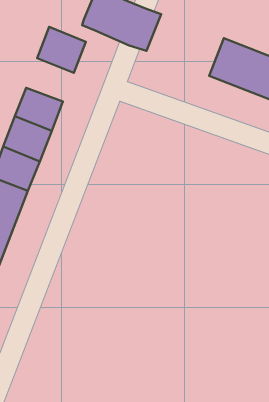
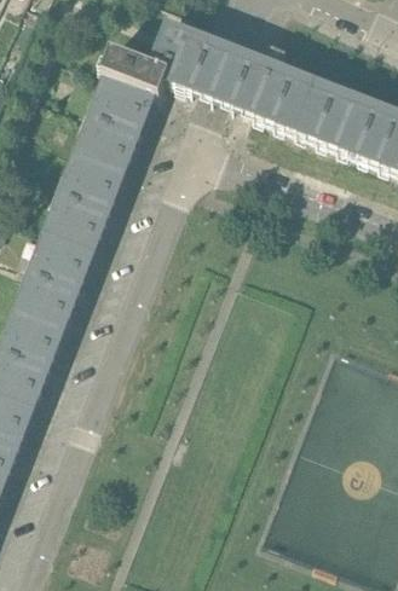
building: none -> [233,45,335,137]
building: none -> [102,47,166,94]
building: none -> [75,114,138,170]

